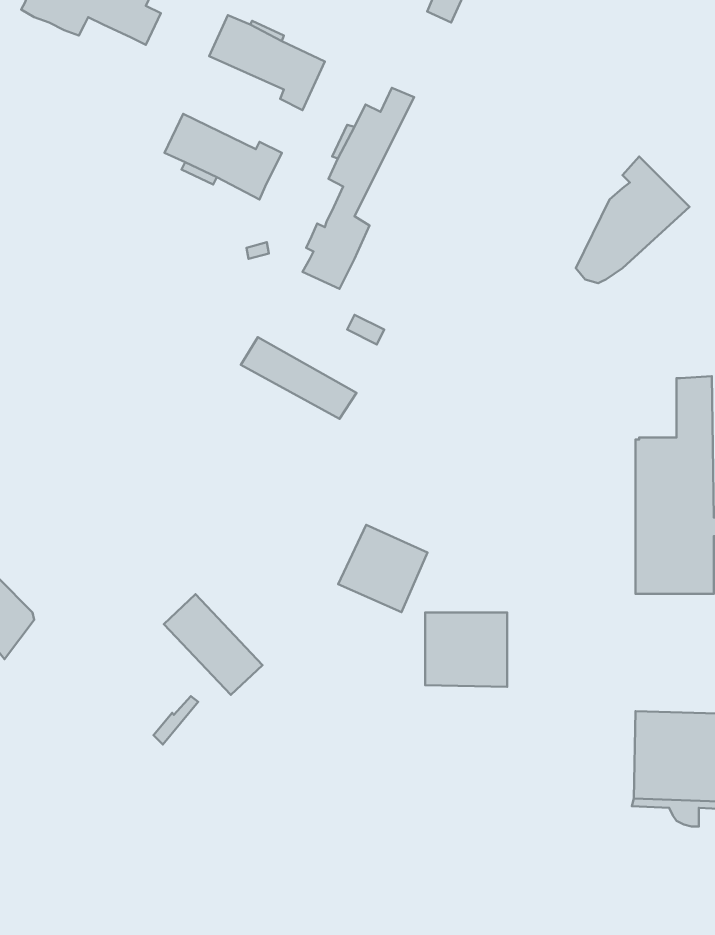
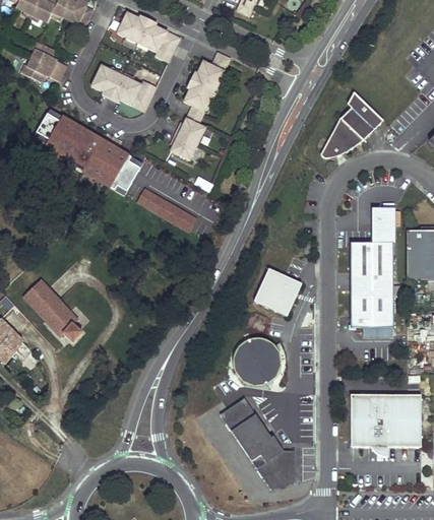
building: none -> [24,44,67,83]
building: none -> [33,111,141,194]
building: [338,525,428,612] -> [254,267,303,315]
building: [164,594,262,695] -> [24,281,78,336]
building: none -> [221,397,297,489]

